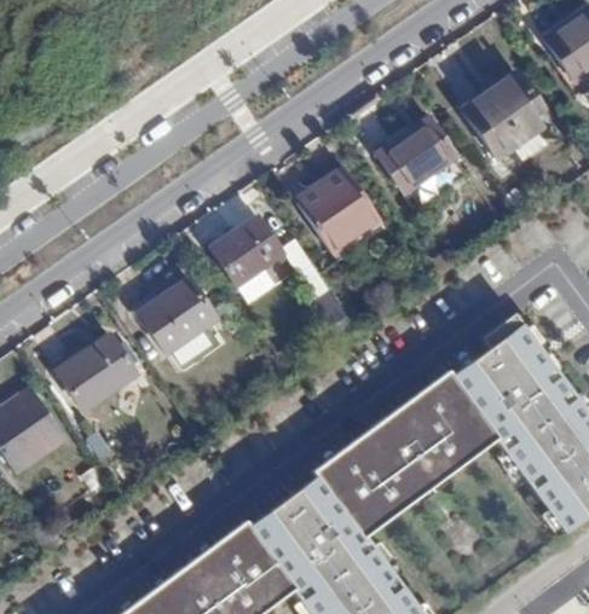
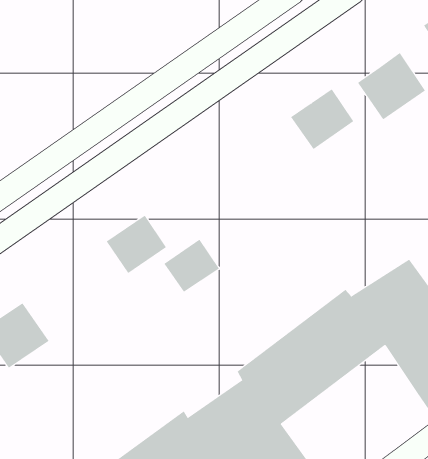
building: [296,170,379,253] -> none
building: [213,215,284,283] -> [163,239,220,292]
building: [56,331,138,407] -> none

